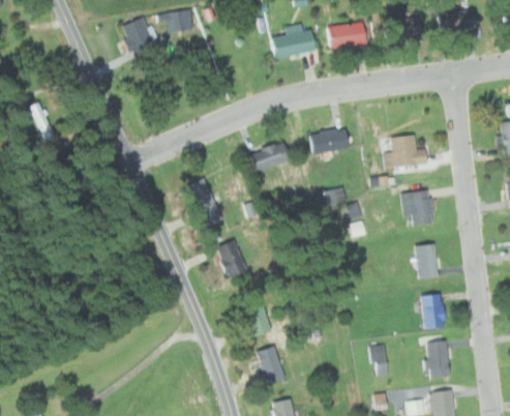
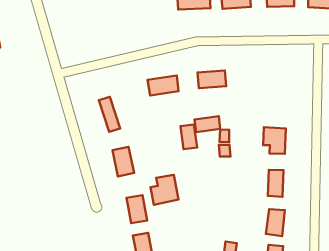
building: [385,135,426,168] -> none
building: none -> [180,124,197,149]
building: none -> [150,175,178,205]

